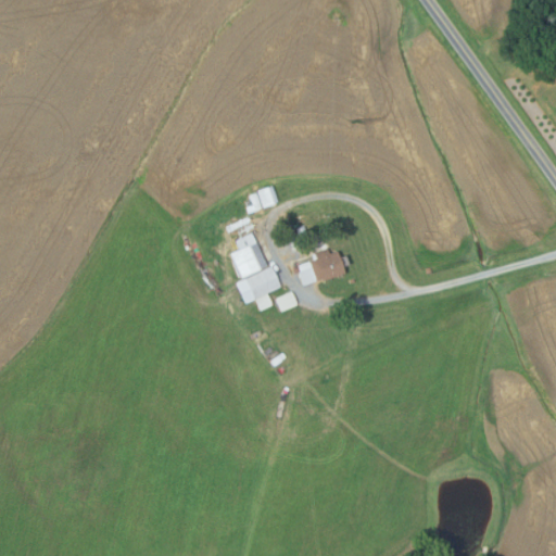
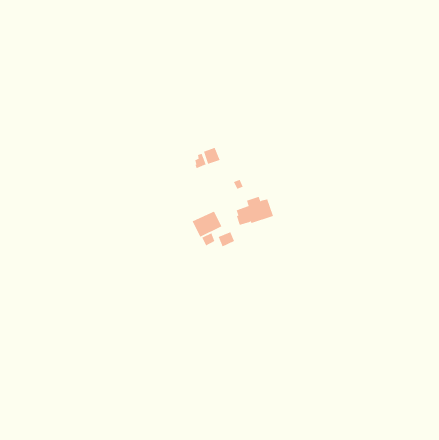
building: [230,232,266,277] -> none

